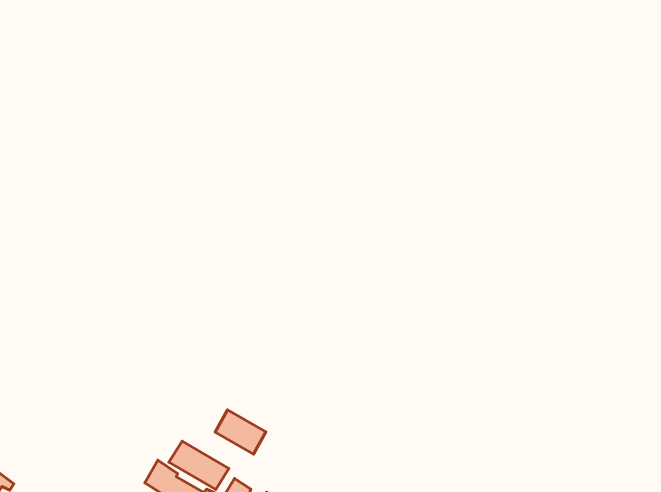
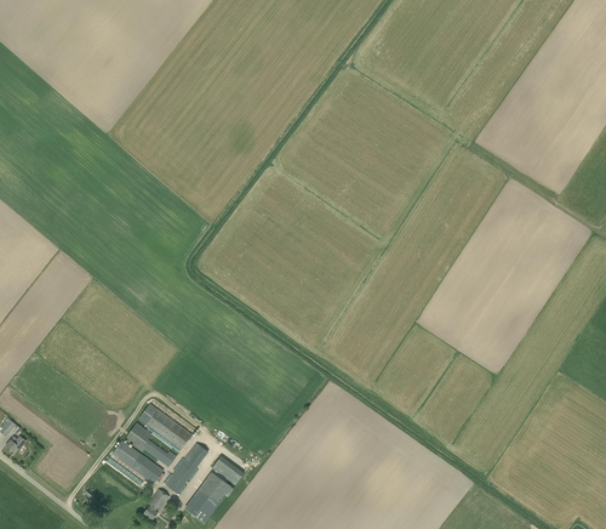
building: [215,410,266,454] -> none

